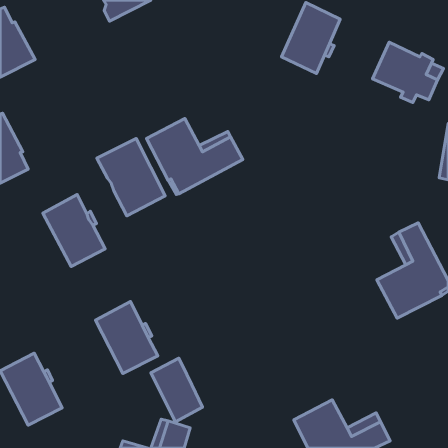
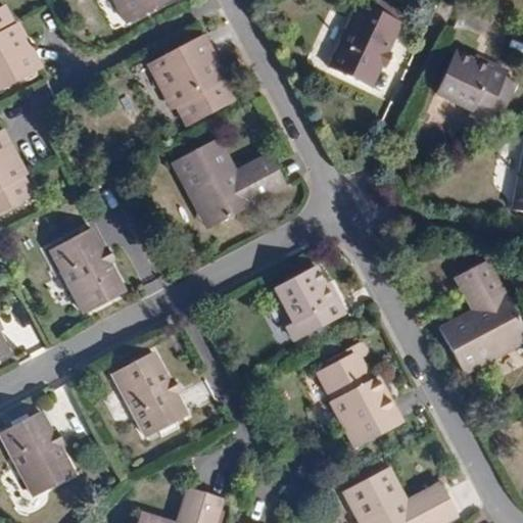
building: none -> [149,38,234,126]
building: [97,139,165,216] -> none
building: none -> [276,266,344,339]
building: none -> [317,342,401,448]
building: [151,358,203,422] -> none

